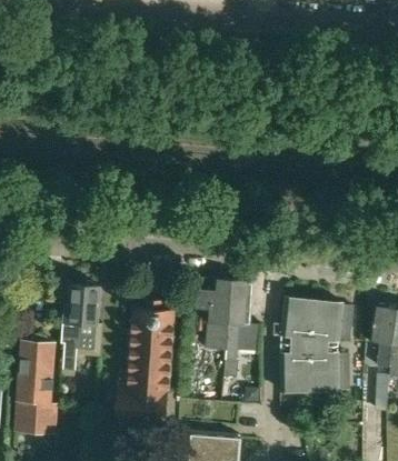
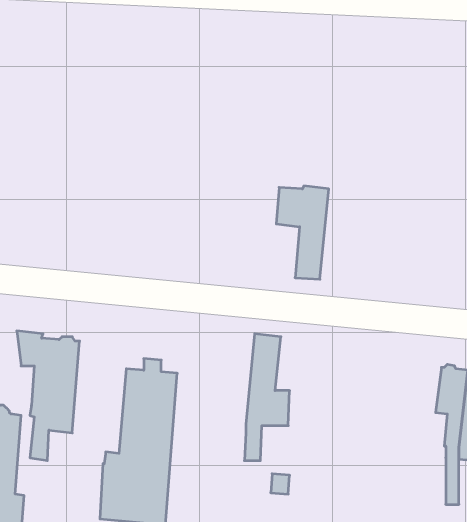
building: [192,279,232,350] -> [276,186,329,279]
building: [279,298,351,391] -> none

